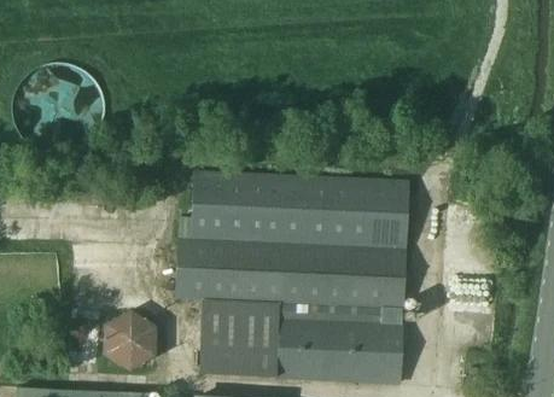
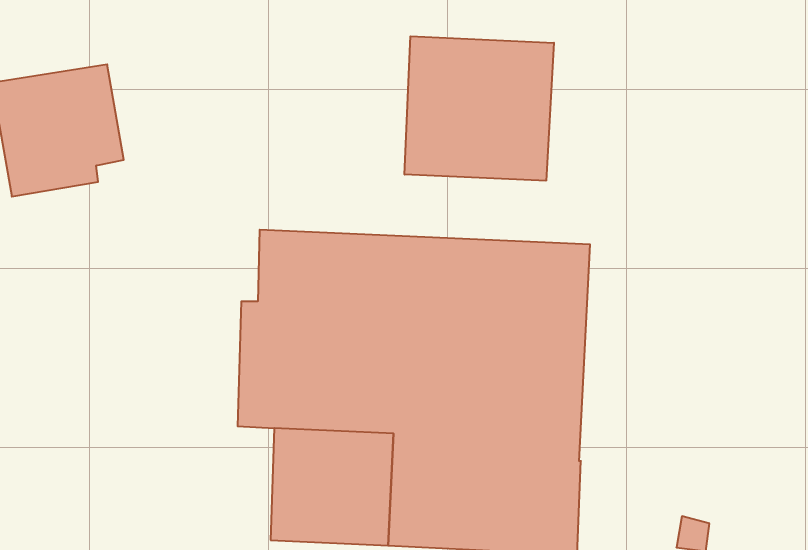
building: none -> [405,36,554,181]
building: [97,305,162,373] -> none

